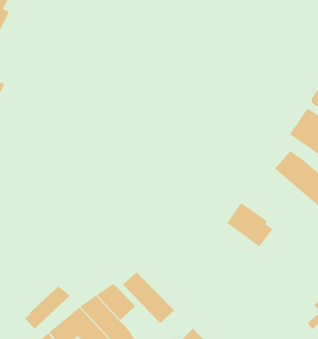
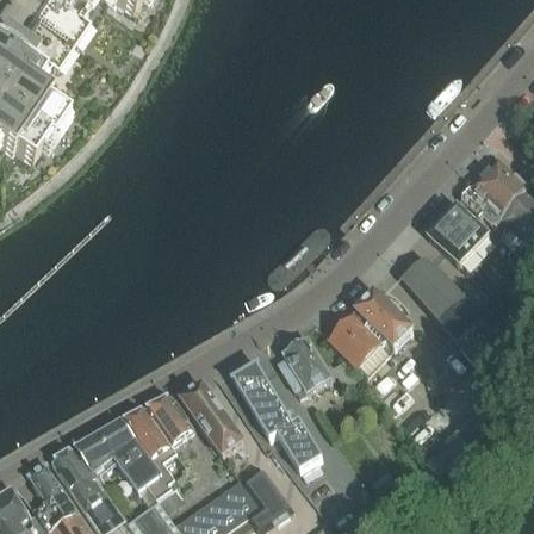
building: none -> [349,291,410,348]
building: none -> [275,339,355,391]
building: none -> [230,364,321,471]
building: [24,285,71,330] -> none

